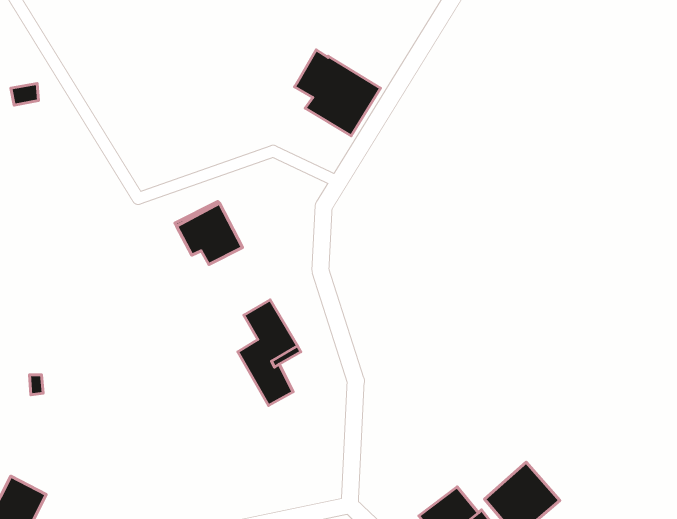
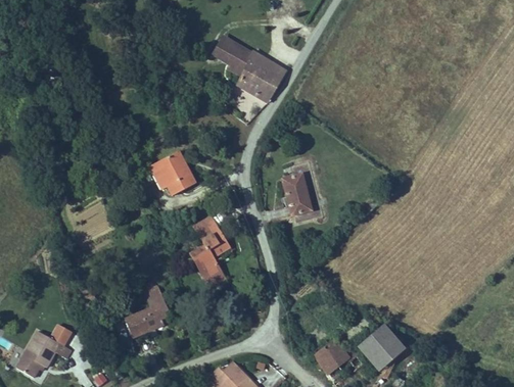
building: none -> [213,36,244,68]
building: none -> [282,175,311,215]
building: none -> [126,280,171,335]

